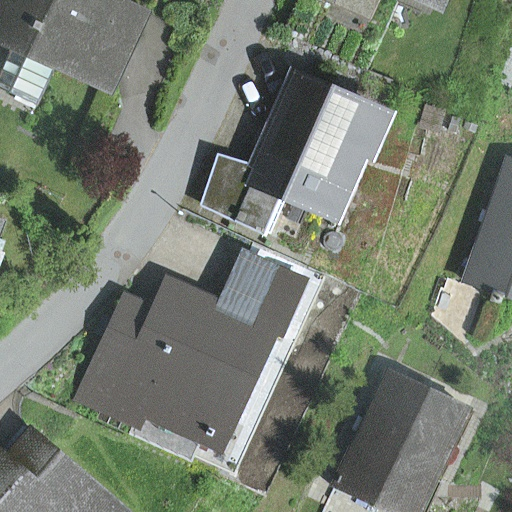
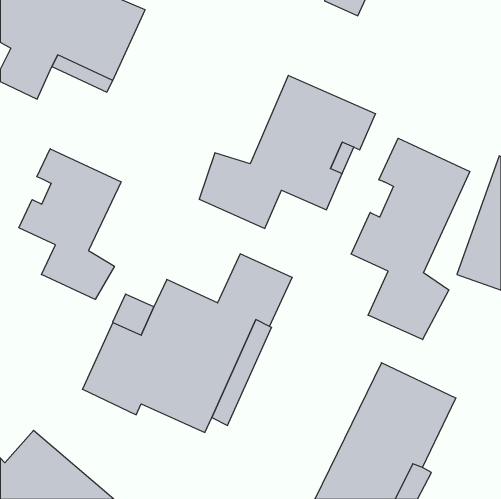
building: none -> [351,138,470,340]
building: none -> [19,149,121,299]

